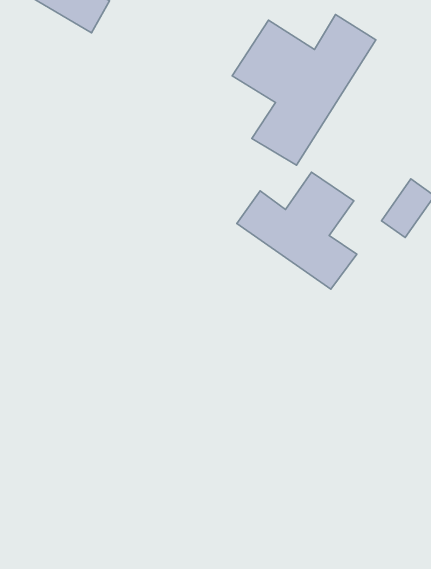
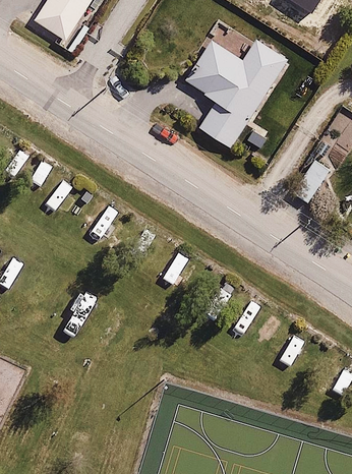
building: [237,172,357,289] -> none

